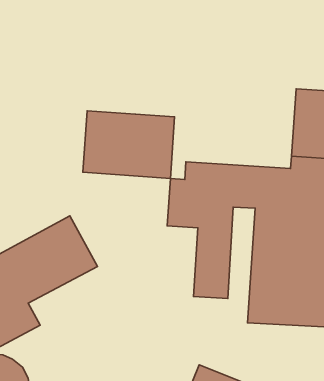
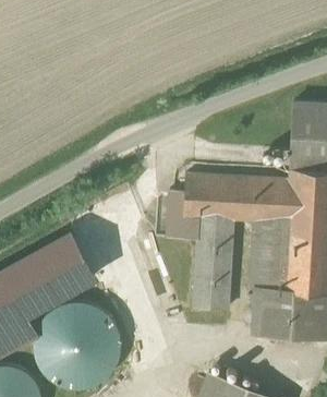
building: [83,111,174,178] -> none
building: none -> [43,301,124,384]

